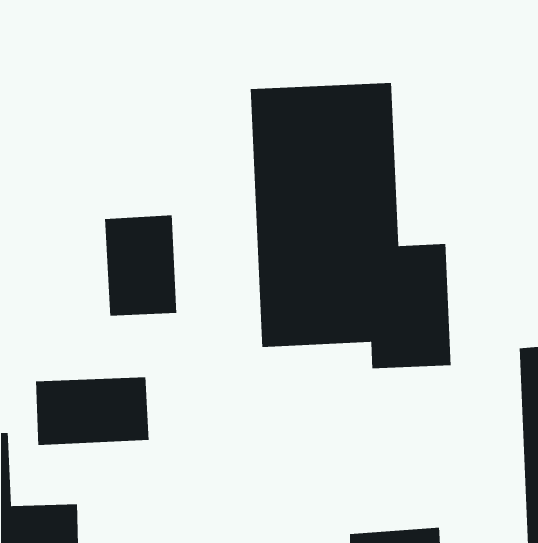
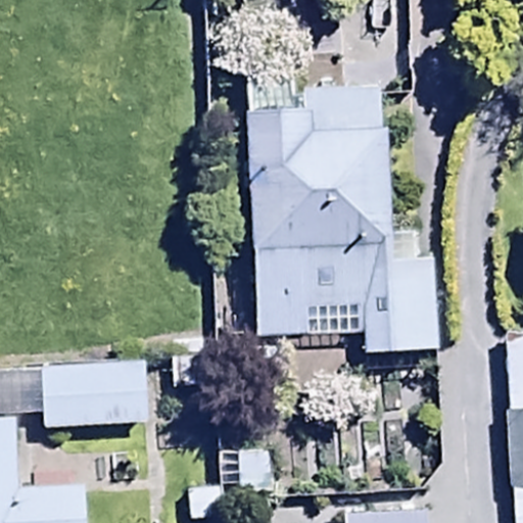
building: [104,215,177,316] -> none

